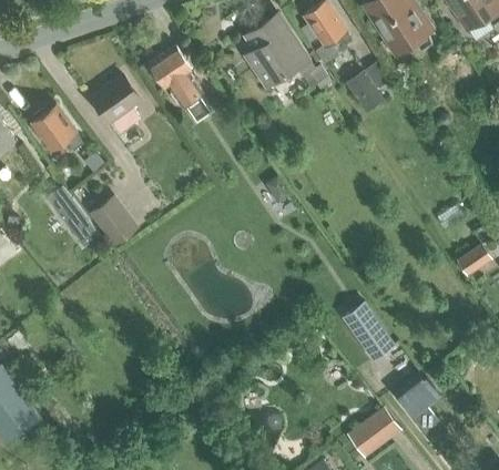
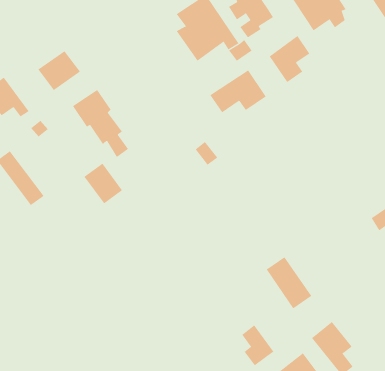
building: [147,45,210,121] -> [72,89,129,158]
building: none -> [209,70,266,113]
building: [91,196,134,242] -> [83,163,123,204]
building: none -> [241,324,274,366]

